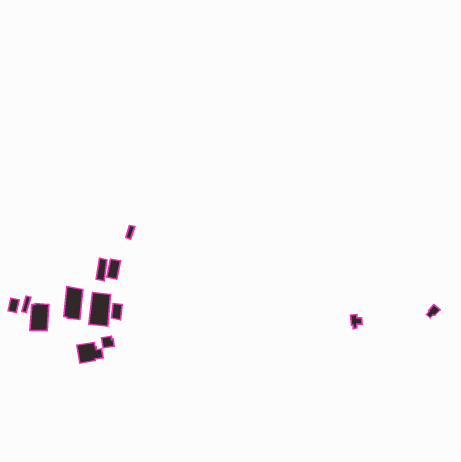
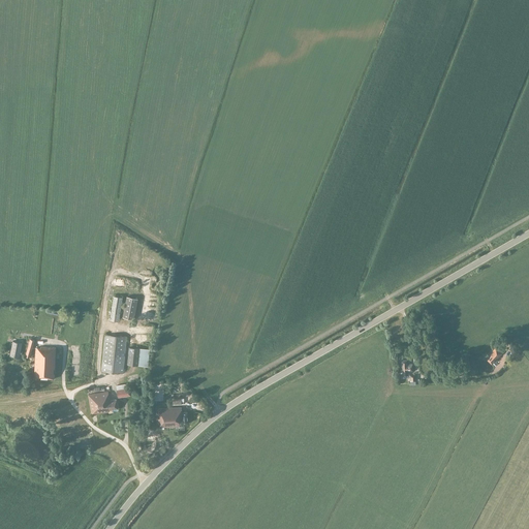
building: [64,287,83,320] -> none
building: none -> [160,406,190,427]

